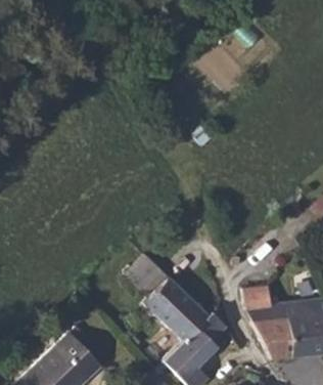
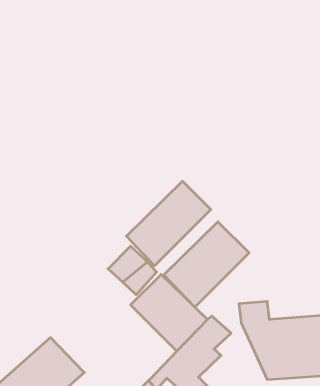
building: none -> [126,181,211,266]
building: none -> [164,222,249,307]

